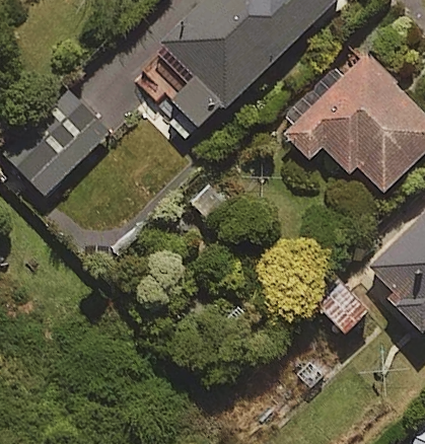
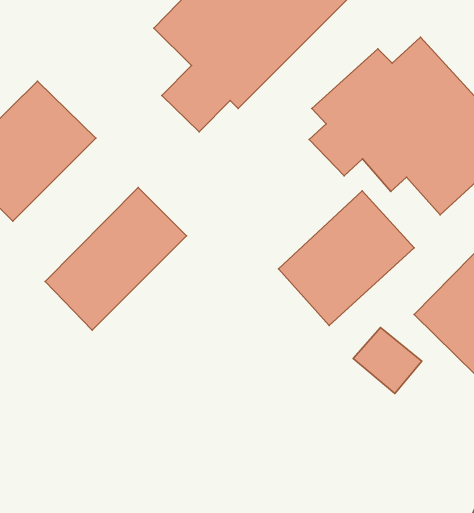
building: none -> [45,187,186,330]
building: none -> [279,191,414,326]

